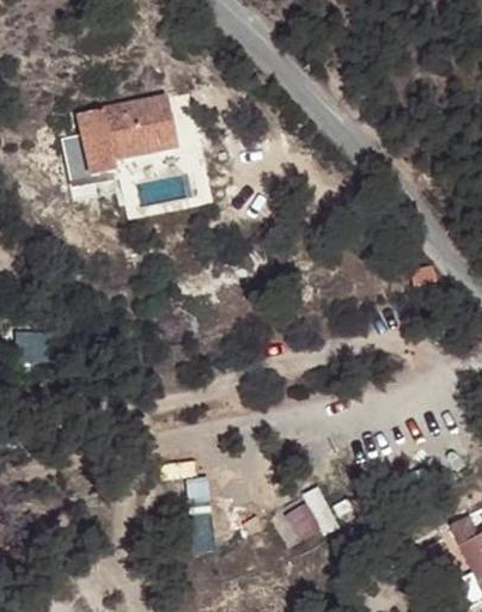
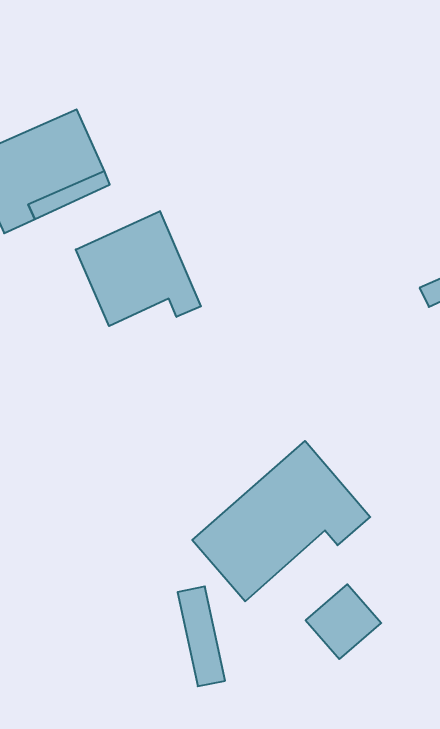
building: none -> [76,211,201,326]
building: none -> [192,441,370,601]

